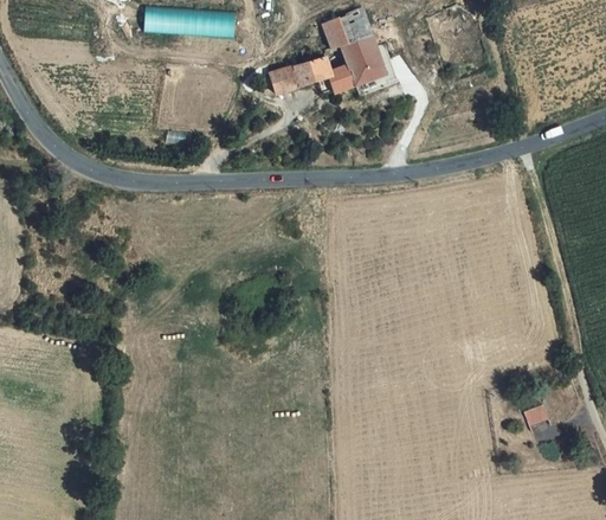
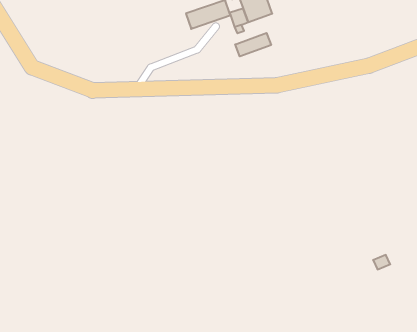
building: none -> [235,33,271,56]

